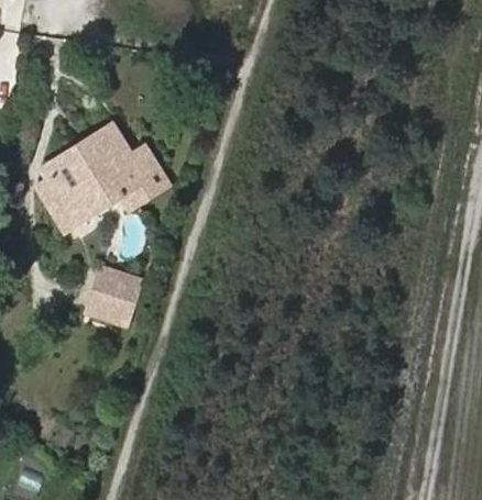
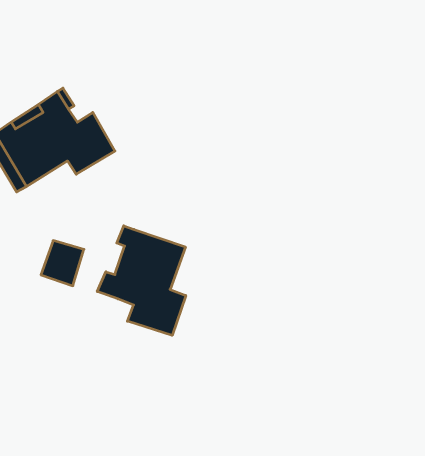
building: none -> [97,226,186,335]

